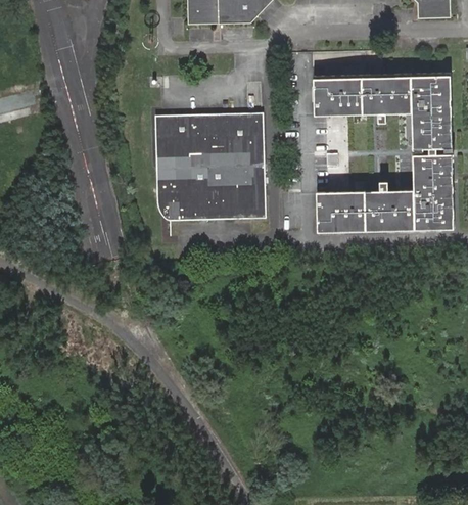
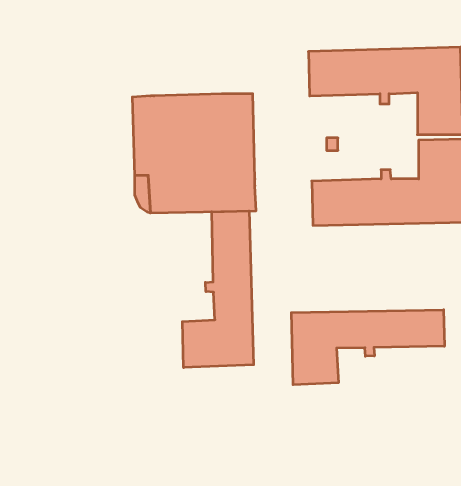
building: none -> [182,211,254,368]
building: none -> [291,310,444,385]

